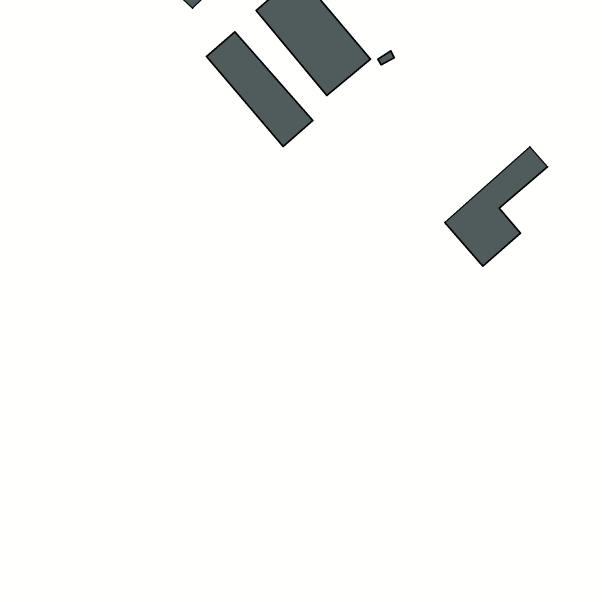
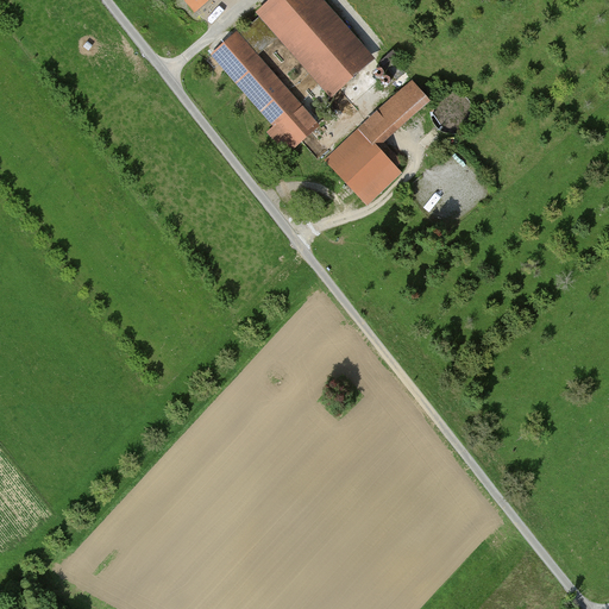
building: [445,147,548,266] -> [326,80,429,200]

